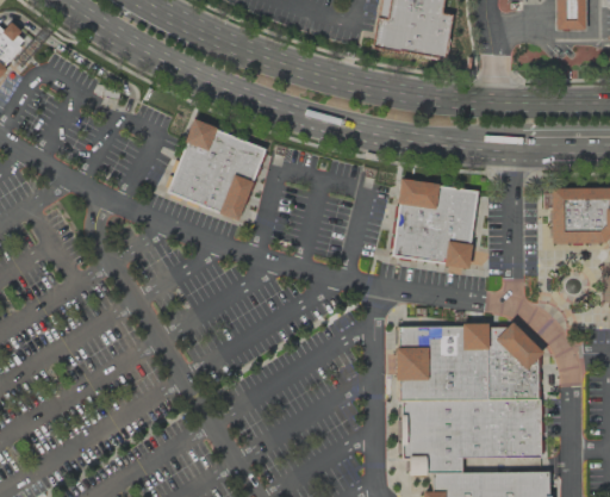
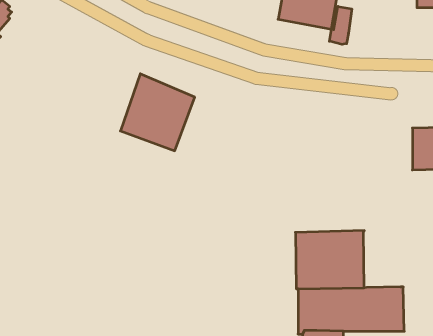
building: none -> [329,6,352,44]
building: [393,179,480,266] -> none
building: [488,319,547,399] -> none

